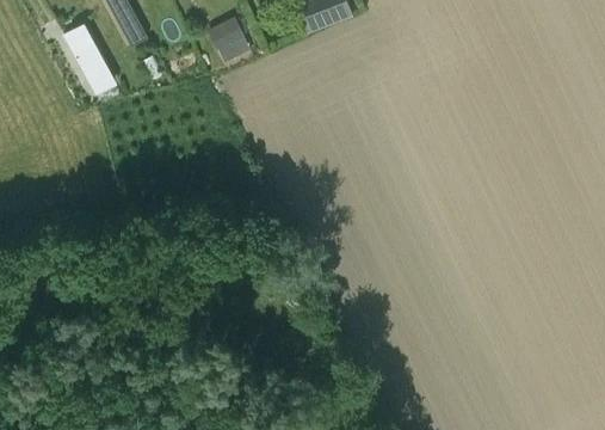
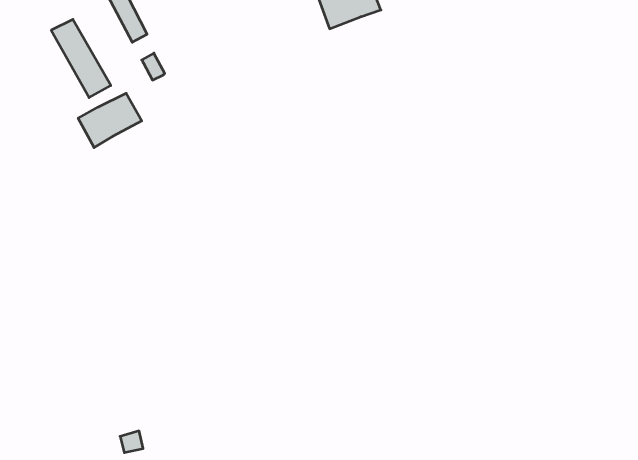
building: [206,16,246,51] -> none
building: none -> [78,93,142,148]

